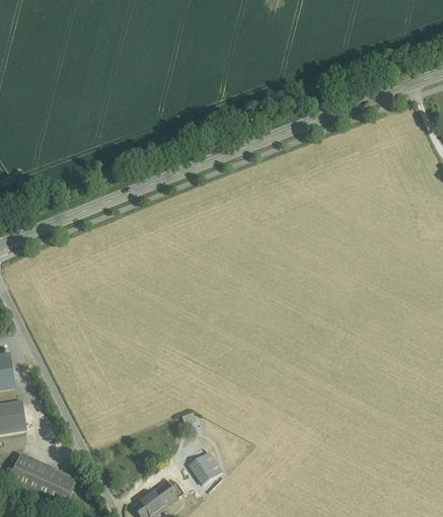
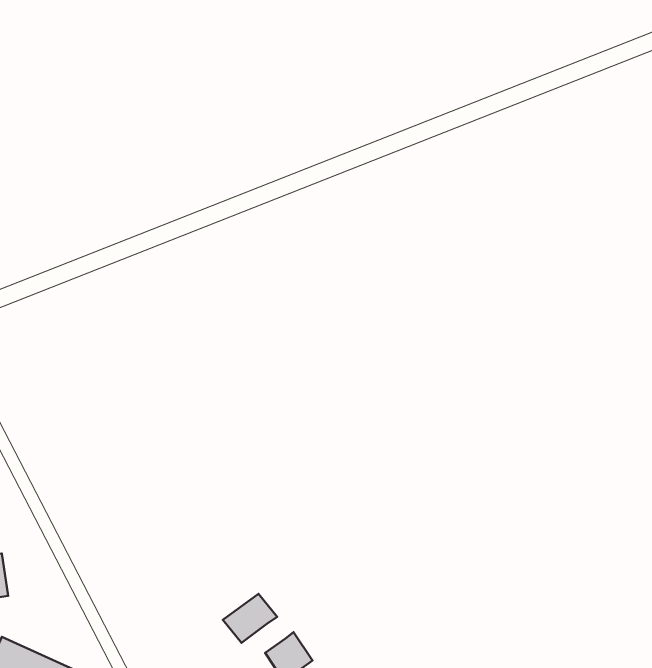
building: none -> [223,594,277,643]

